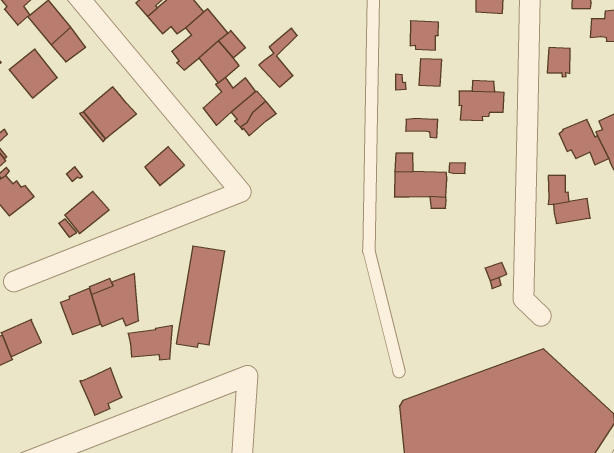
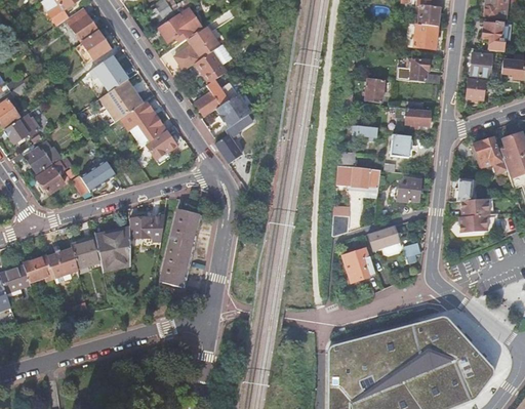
building: none -> [469,52,491,77]
building: [410,21,438,50] -> [405,57,429,82]
building: [259,28,297,87] -> [215,117,247,162]
building: [9,49,57,98] -> [92,54,129,92]
building: none -> [121,103,165,147]
building: none -> [390,135,410,157]
building: none -> [393,178,419,202]
building: none -> [37,166,64,194]
building: none -> [458,214,487,233]
building: none -> [333,203,351,236]
building: none -> [366,224,398,250]
building: none -> [341,248,373,282]
building: [128,326,172,360] -> [129,215,164,241]
building: [80,368,122,415] -> [47,248,79,284]

